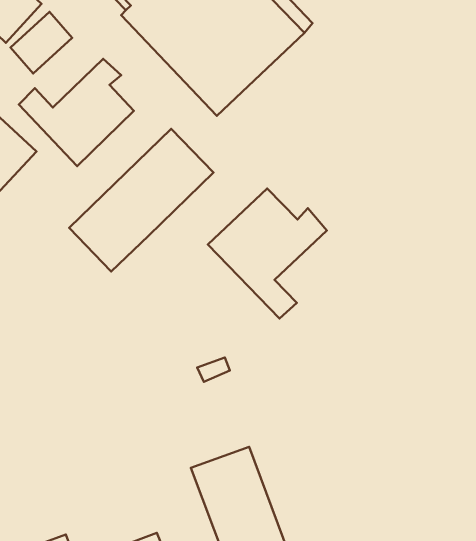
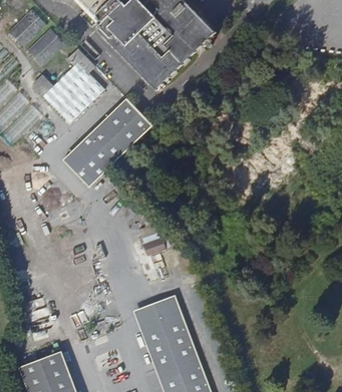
building: [208,189,327,319] -> none

